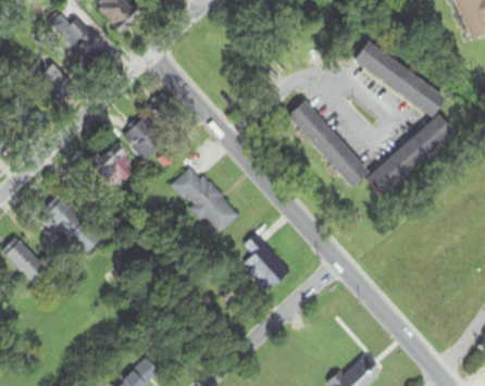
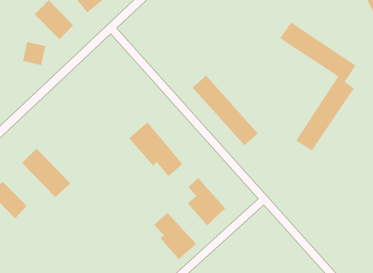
building: [288,101,370,188] -> [192,75,259,146]
building: [122,117,164,160] -> none
building: [92,147,135,189] -> none
building: none -> [153,212,197,260]

